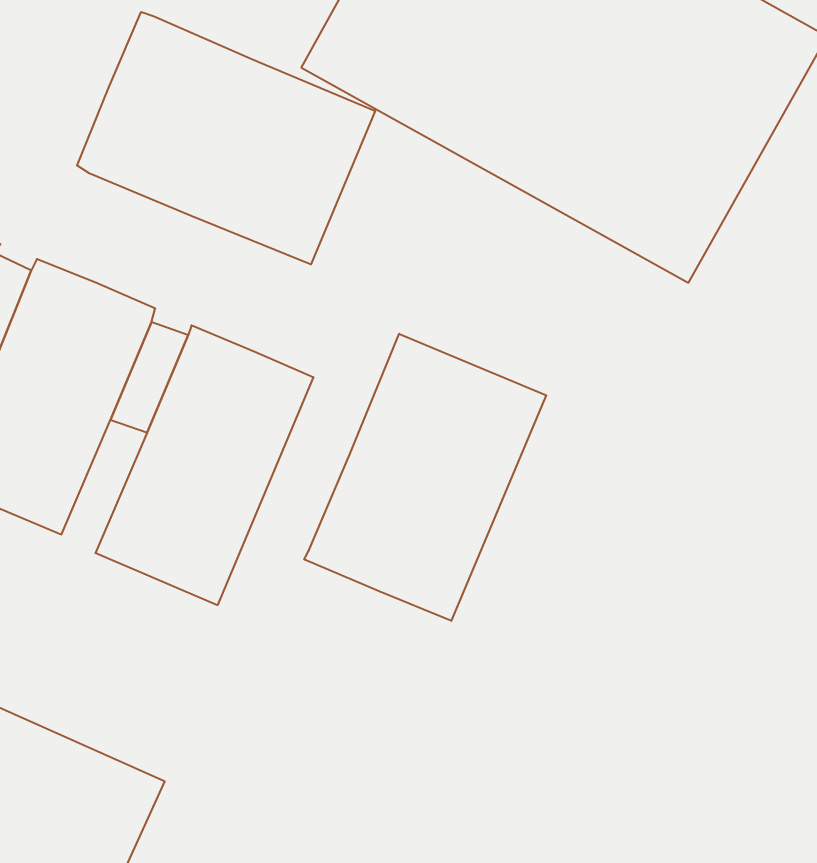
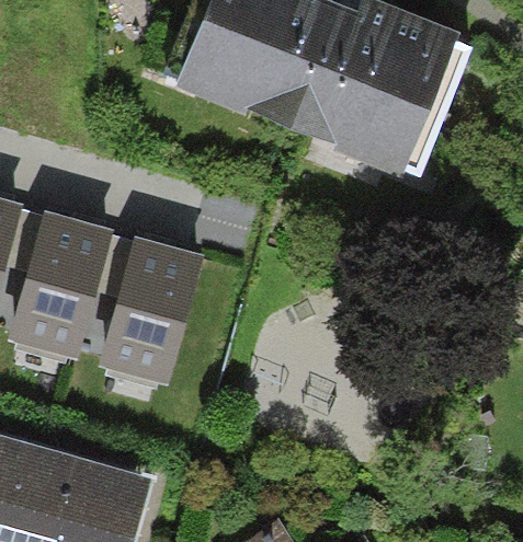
building: [77,12,375,264] -> none
building: [304,334,546,621] -> none

